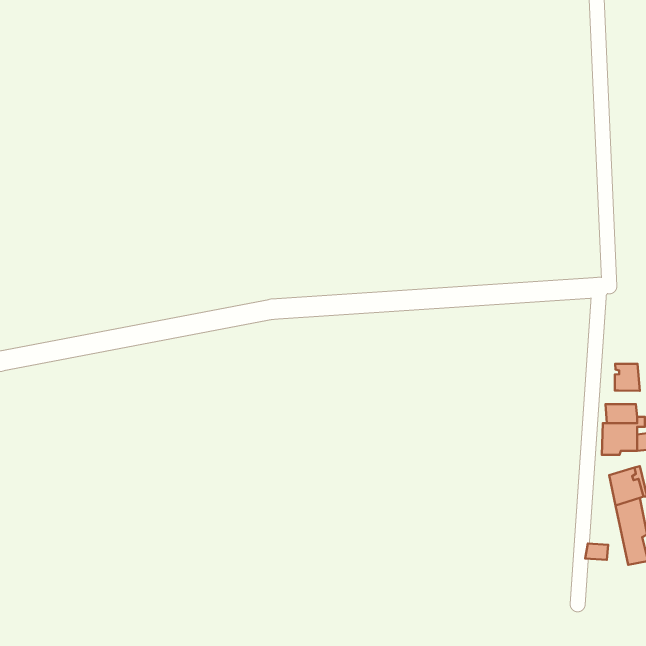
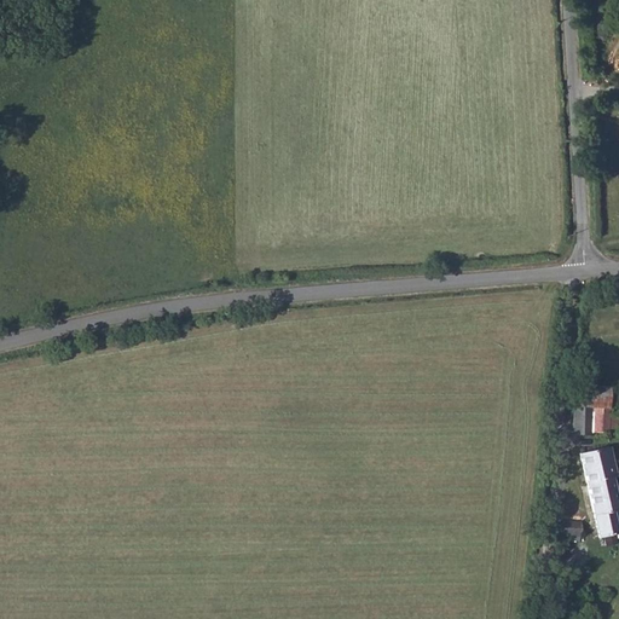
building: [615,364,640,391] -> none

